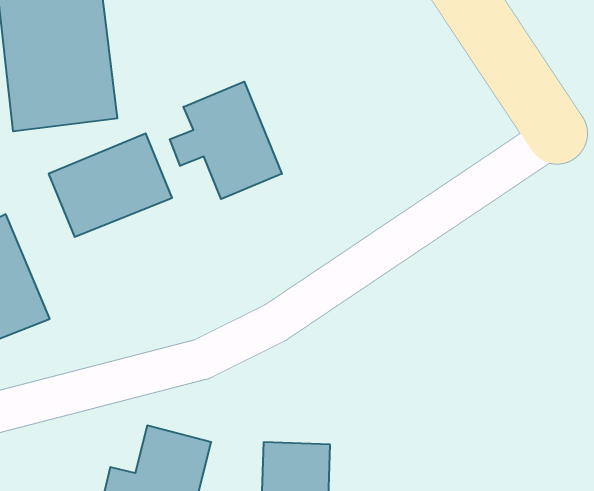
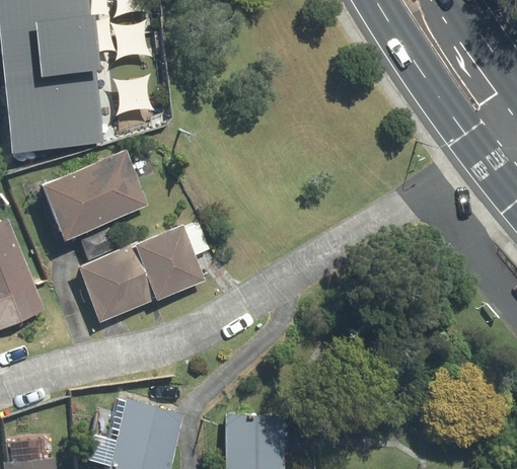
building: [170,82,282,199] -> none
building: none -> [79,226,205,321]

